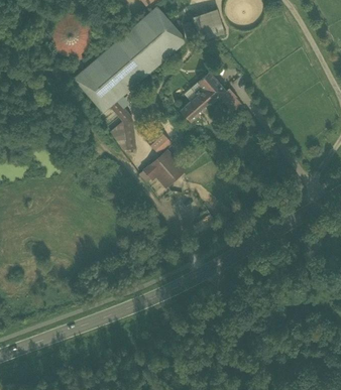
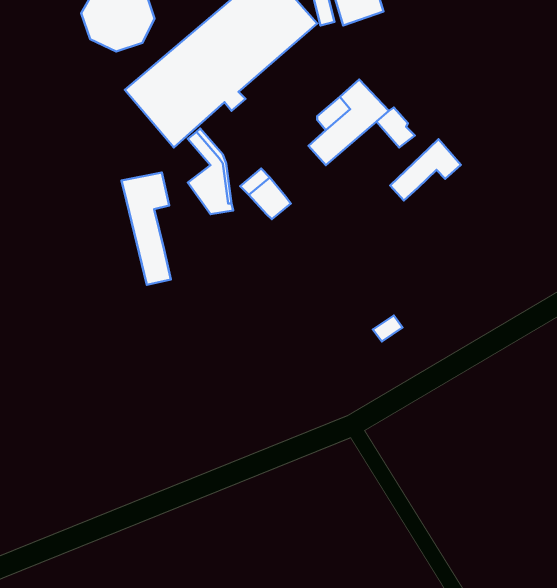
building: none -> [390,139,461,200]
building: none -> [122,173,171,285]
building: [143,150,184,186] -> none

